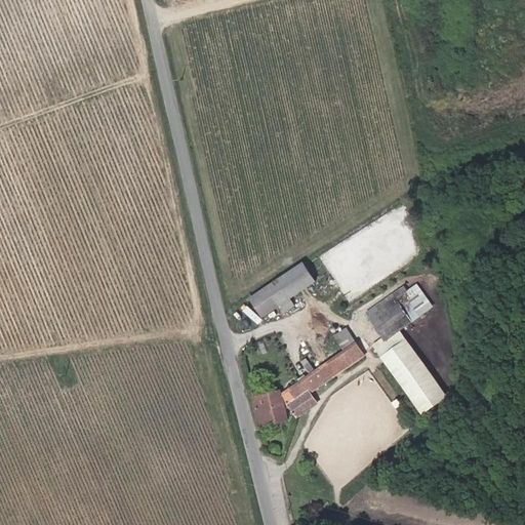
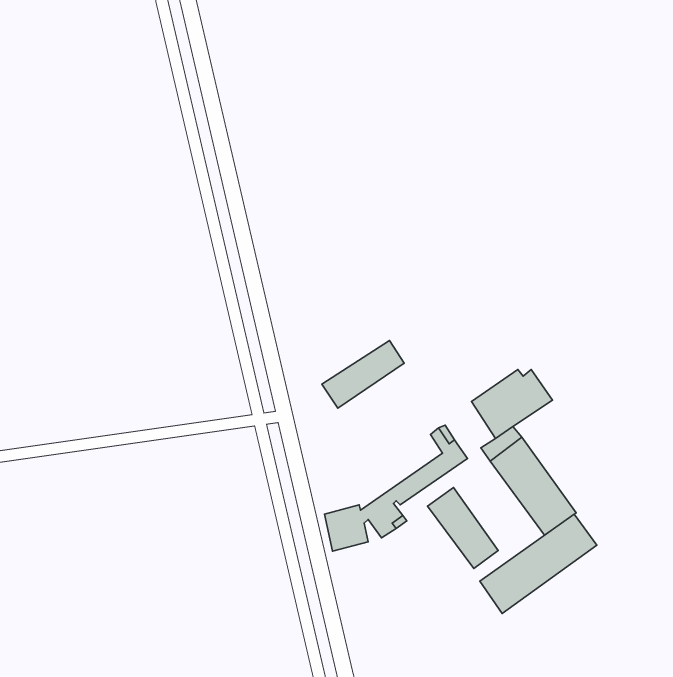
building: none -> [428,487,498,568]
building: none -> [480,514,597,613]

